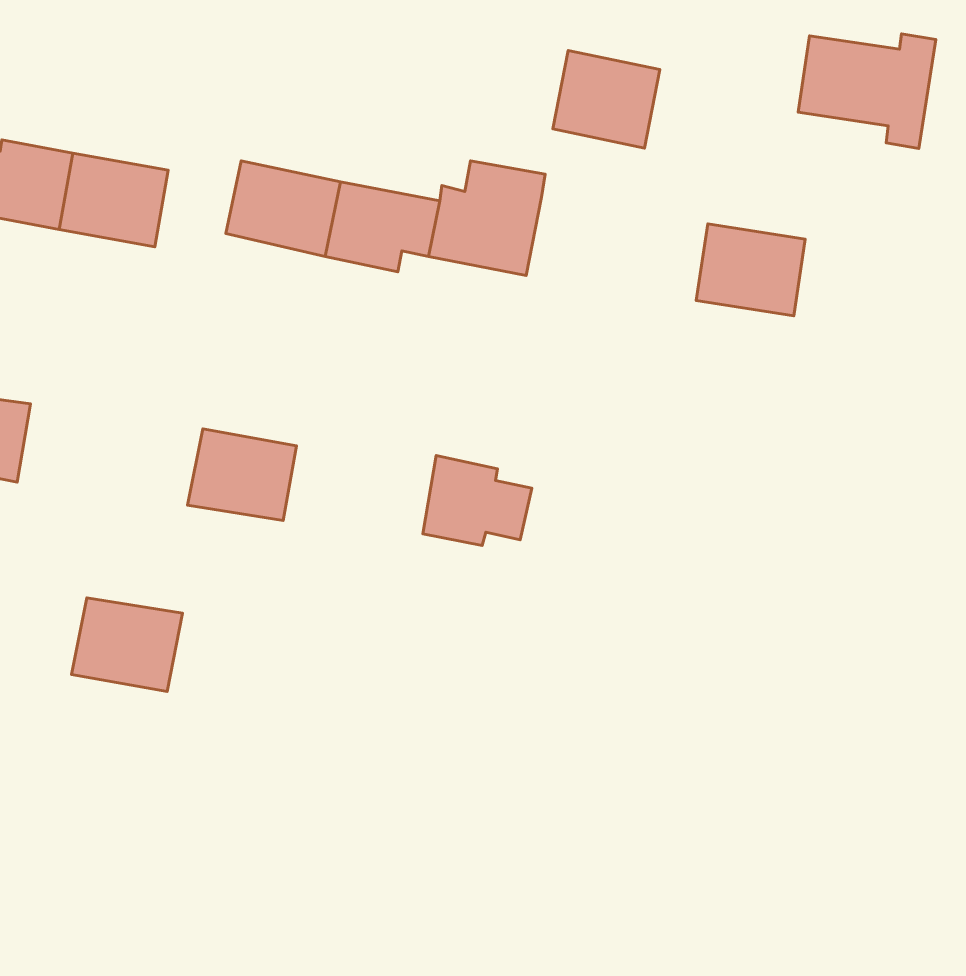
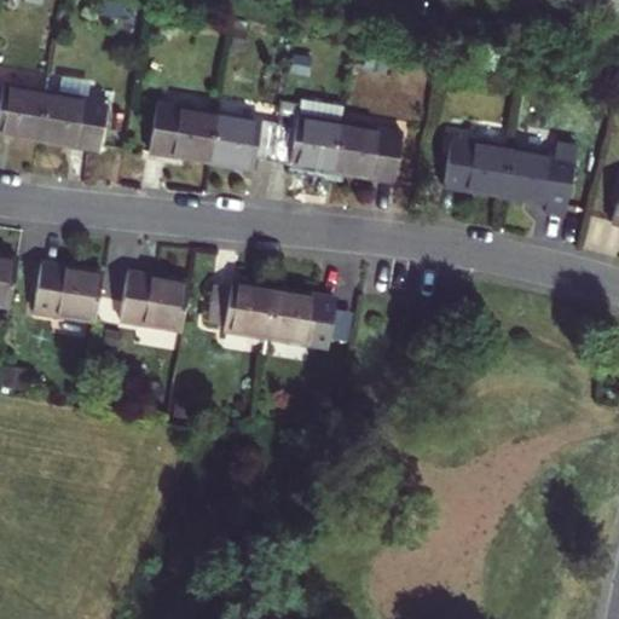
building: [798,34,936,149] -> [502,150,589,222]
building: [553,51,660,148] -> [332,125,400,186]
building: none -> [206,278,276,337]
building: [72,598,183,692] -> [34,260,104,319]

